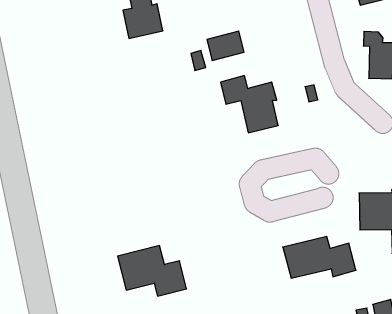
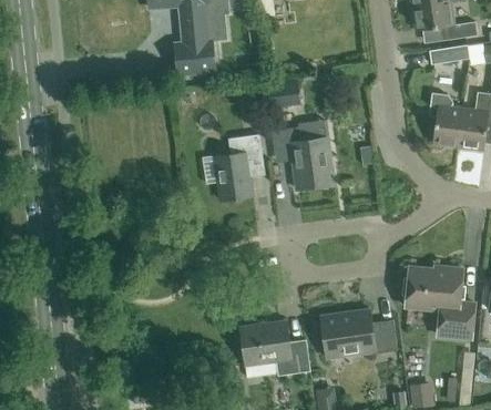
building: none -> [203,134,264,199]
building: [118,246,187,296] -> [239,320,310,375]

